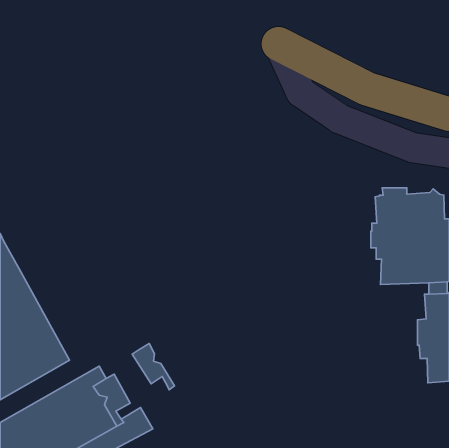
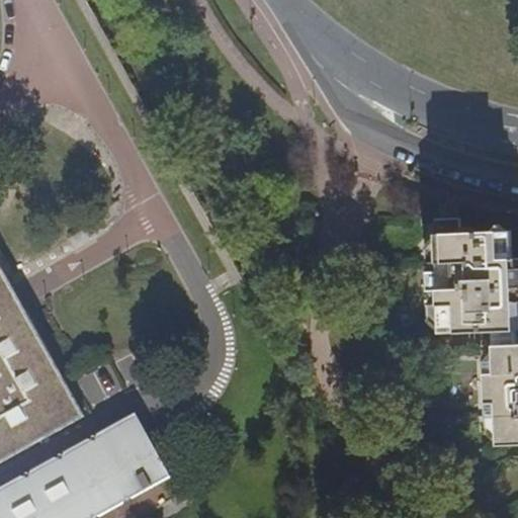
building: [132,344,174,390] -> none

